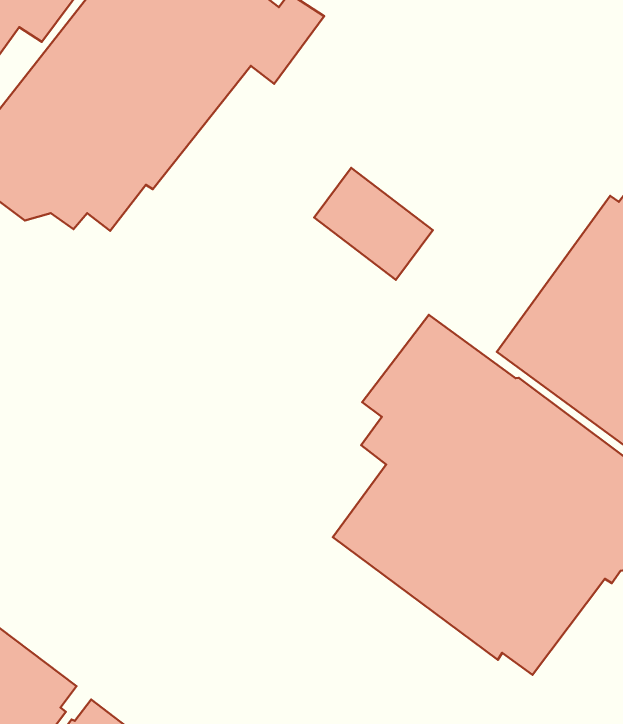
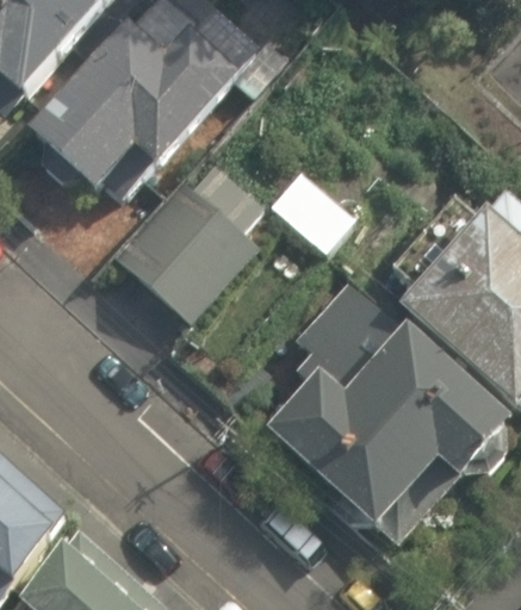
building: none -> [111,157,265,323]

